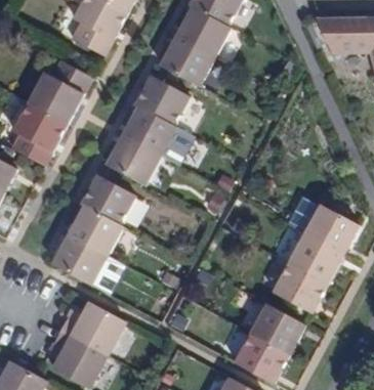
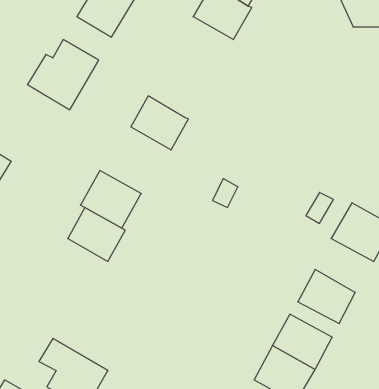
building: [165,39,216,87] -> none
building: [138,77,191,129] -> none
building: [13,99,71,165] -> none
building: [110,137,161,184] -> none
building: [53,236,105,284] -> none
building: [289,236,341,285] -> none
building: [55,302,123,354] -> none

